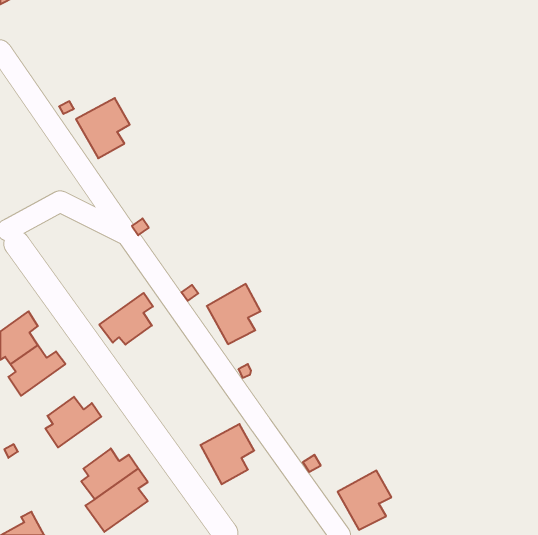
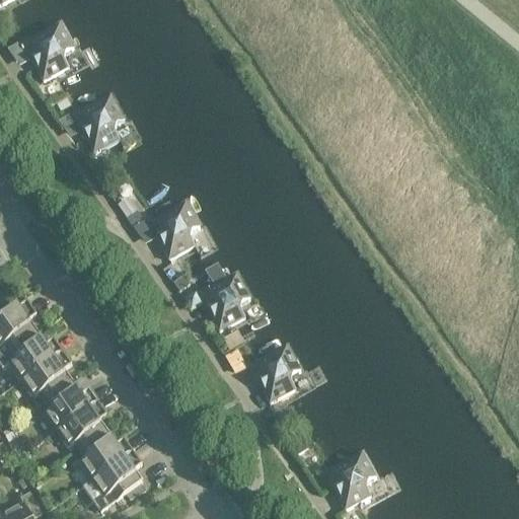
building: none -> [24,23,75,80]
building: none -> [150,202,201,258]
building: [99,293,153,345] -> [21,350,73,399]
building: none -> [57,400,107,450]
building: [200,424,254,484] -> [250,345,302,402]

